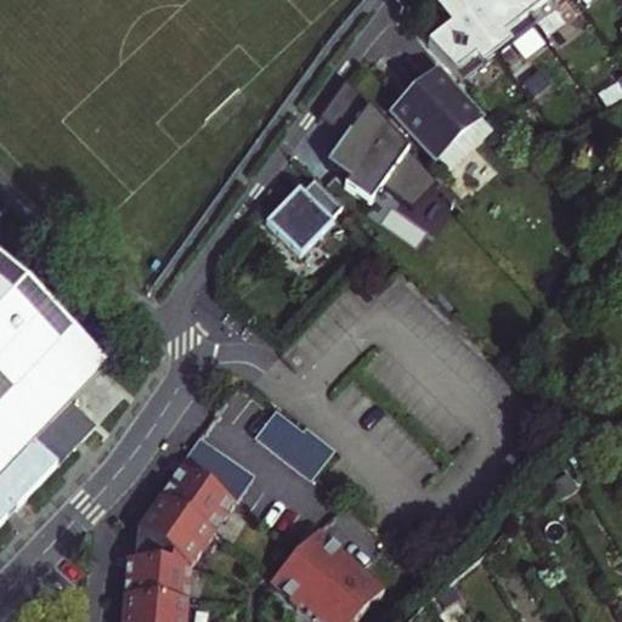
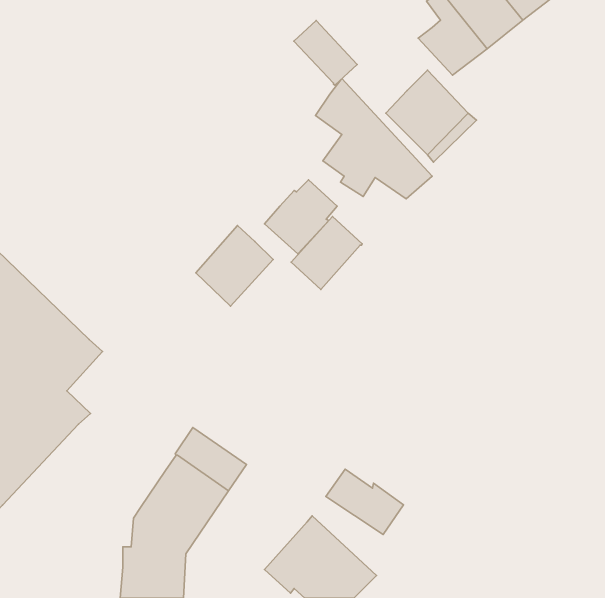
building: none -> [294,21,357,85]
building: none -> [291,216,362,289]
building: none -> [196,225,273,306]
building: [255,411,334,477] -> [326,469,403,535]

